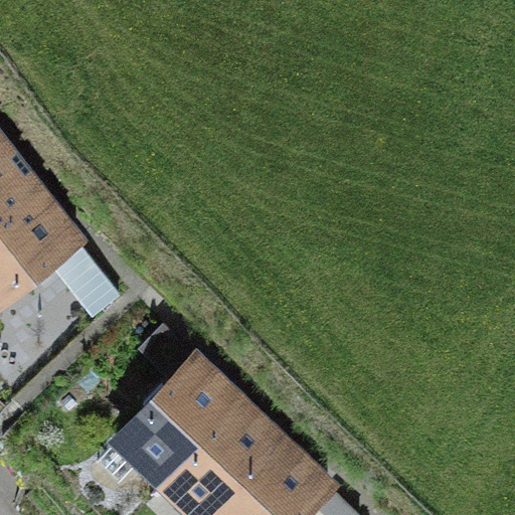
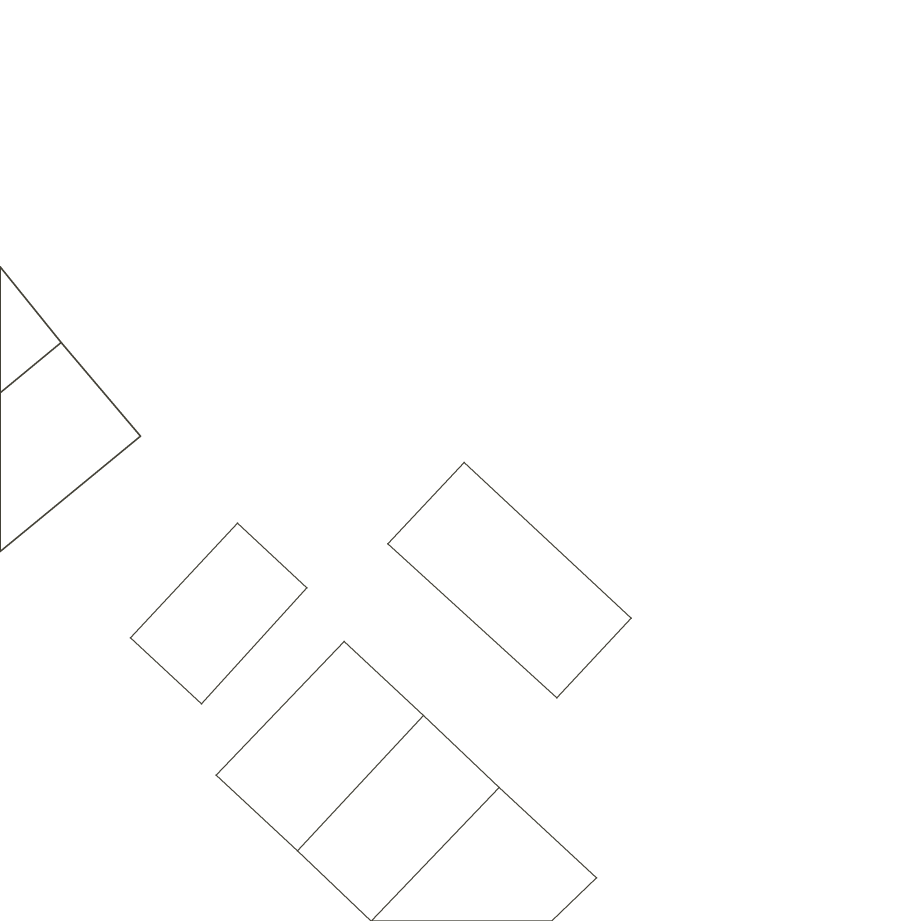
building: none -> [388,462,631,698]
building: none -> [130,523,307,704]

